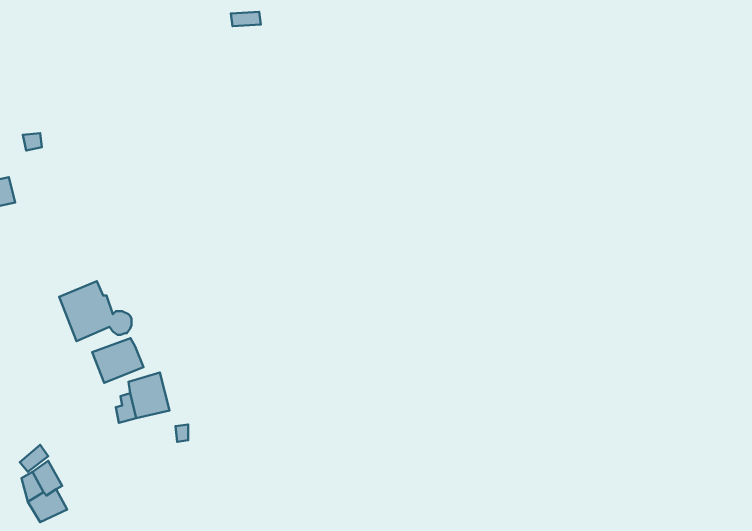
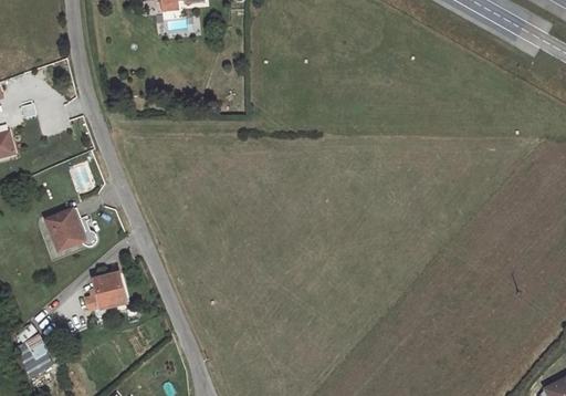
building: [92,338,143,383] -> none

